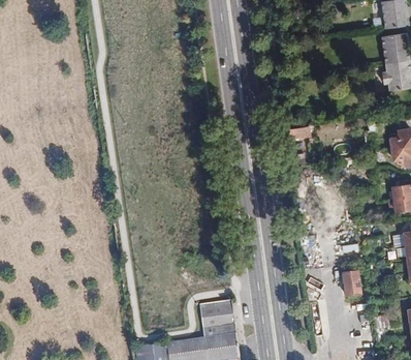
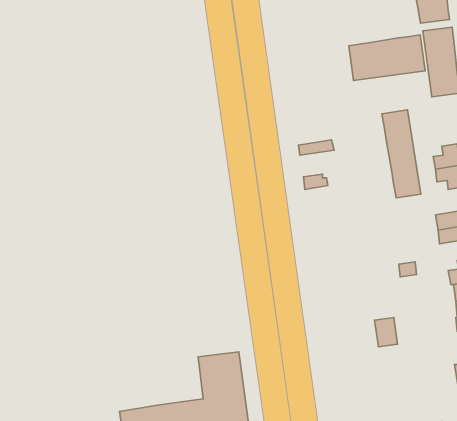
building: none -> [349,35,425,81]
building: none -> [382,110,421,198]

